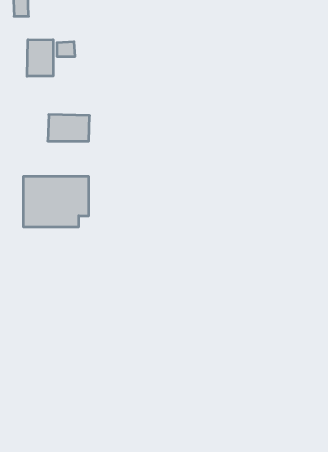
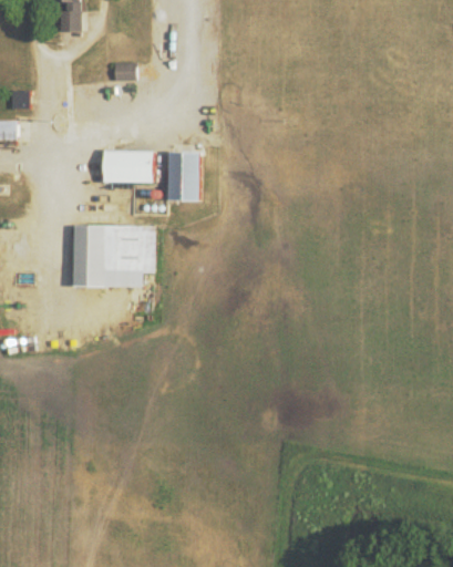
building: [27,40,53,76] -> none
building: none -> [168,152,199,202]

